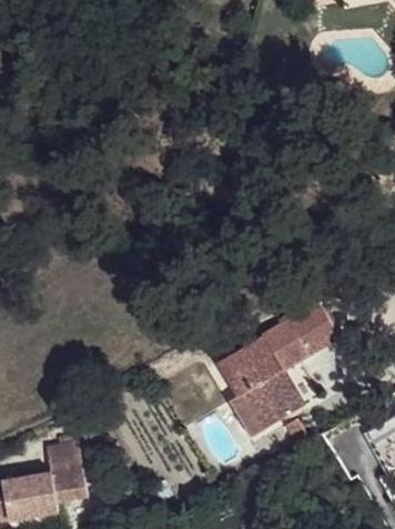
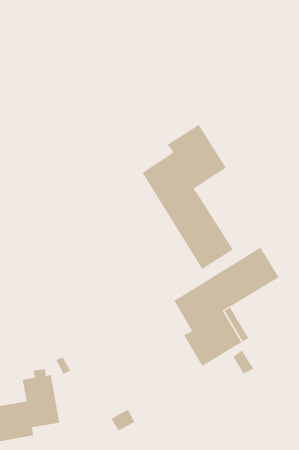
building: none -> [142,124,234,270]

